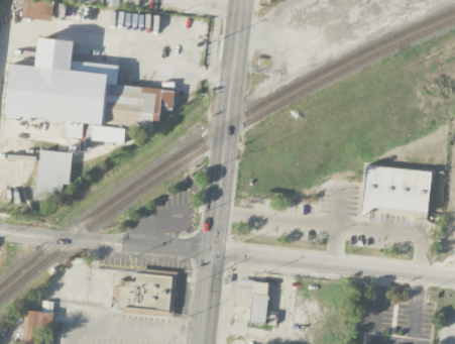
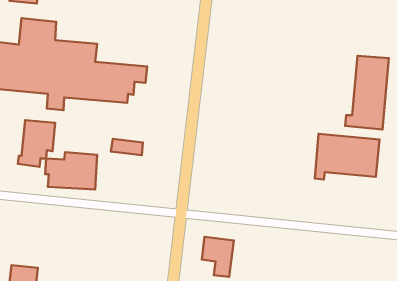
building: none -> [345,56,389,129]
building: [91,125,126,143] -> [111,139,143,155]
building: [114,272,172,314] -> [45,152,97,190]

